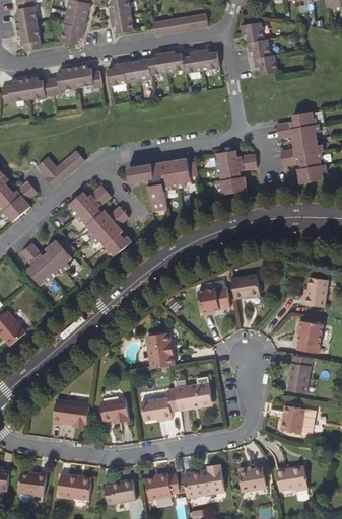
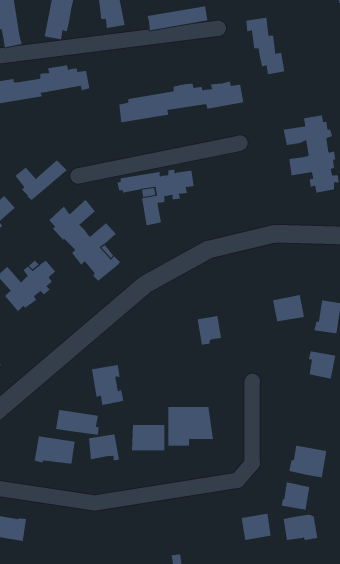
building: [108,49,220,86] -> [118,81,244,123]
building: [216,149,257,194] -> none
building: [232,273,262,297] -> [272,295,305,322]
building: [146,330,176,367] -> [91,365,124,405]
building: [288,356,313,394] -> none
building: none -> [55,409,99,436]
building: none -> [281,481,310,511]
building: [183,462,224,496] -> none
building: [58,471,92,496] -> none
building: [145,471,179,498] -> none
building: [105,476,136,501] -> none

